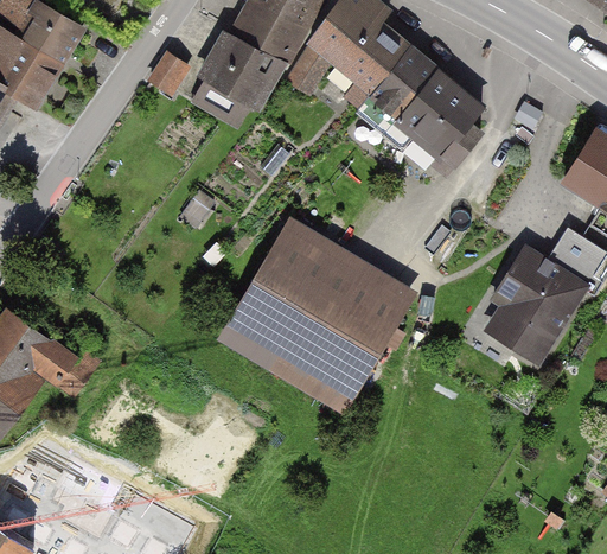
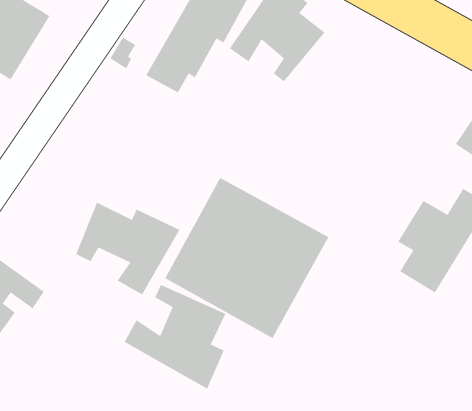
building: [360,49,483,167] -> none
building: none -> [75,202,180,295]
building: none -> [124,284,226,390]

